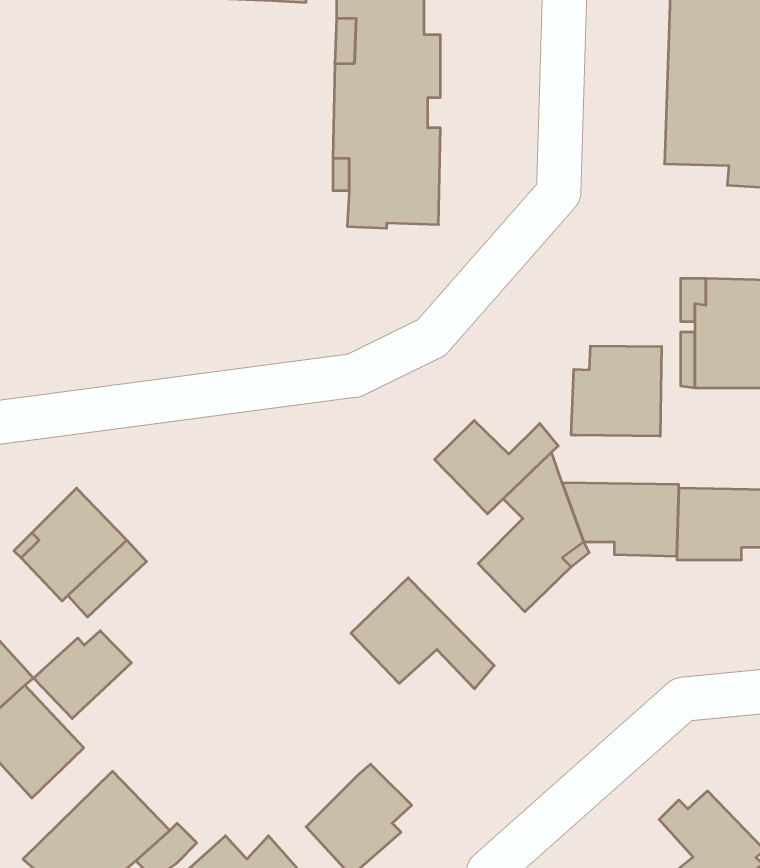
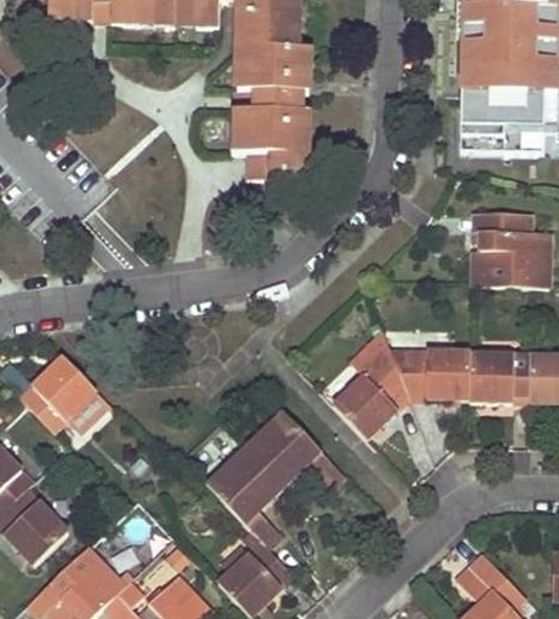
building: [571,346,662,436] -> none
building: [435,420,558,514] -> none
building: [34,631,131,719] -> none
building: none -> [211,452,282,548]

